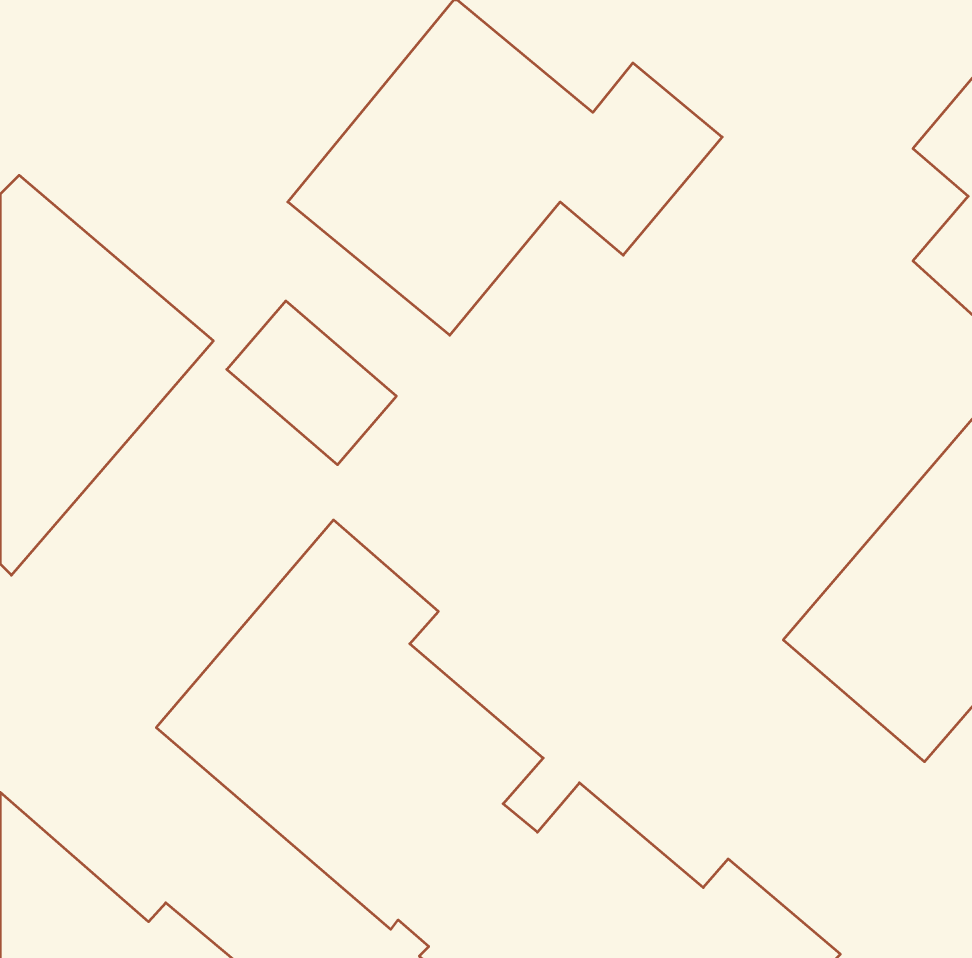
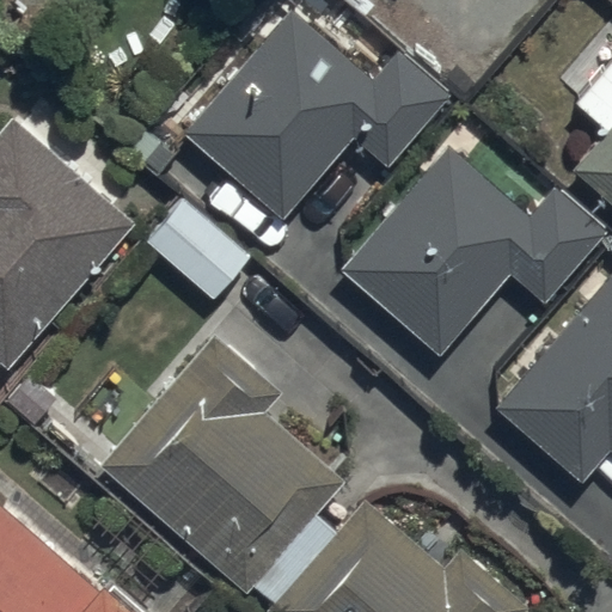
building: none -> [339,146,606,356]

